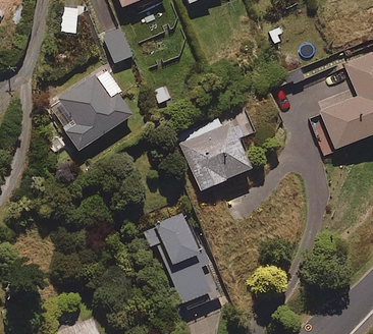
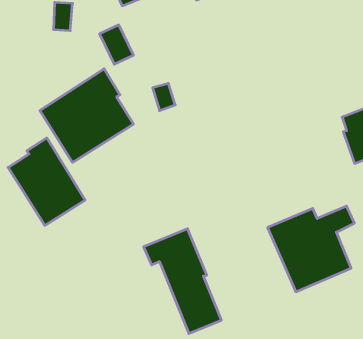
building: [176,114,255,191] -> [268,206,354,292]
building: none -> [8,138,85,225]

